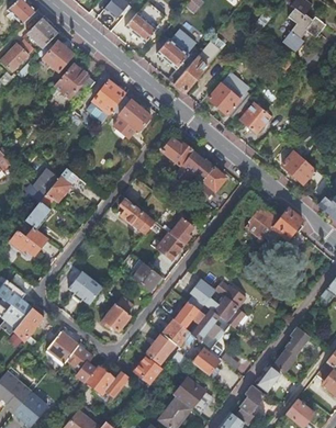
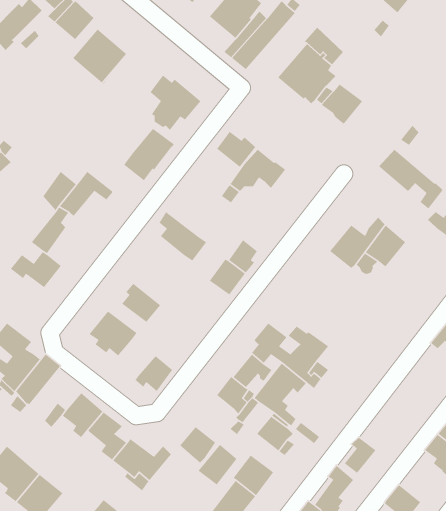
building: [86,82,124,122] -> [123,128,175,181]
building: [191,167,225,201] -> none
building: [131,260,160,290] -> [121,283,161,323]
building: [272,326,309,372] -> none
building: [145,334,175,364] -> [198,444,238,486]

